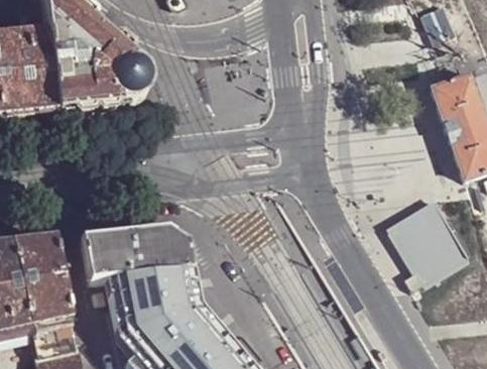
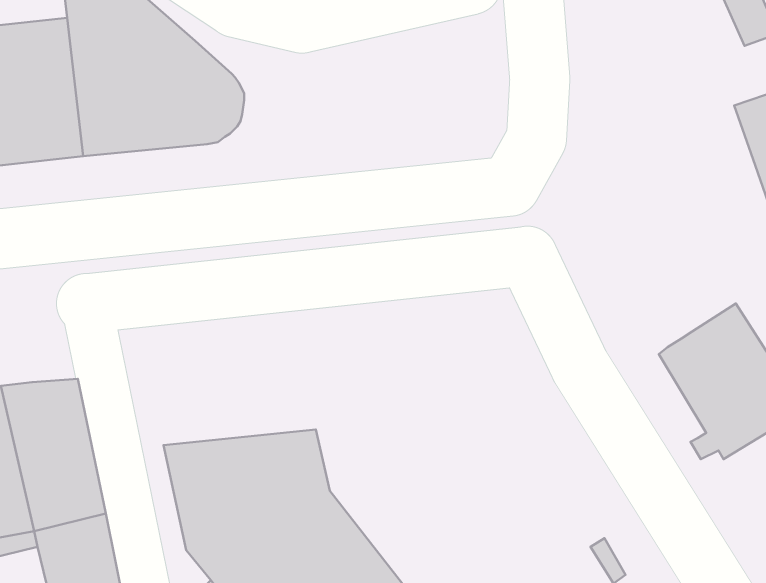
building: [77,228,190,280] -> none

